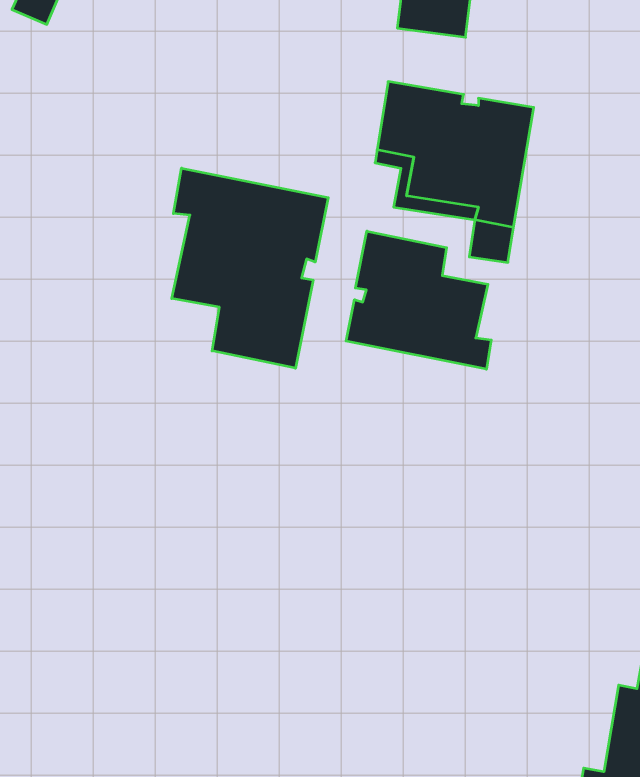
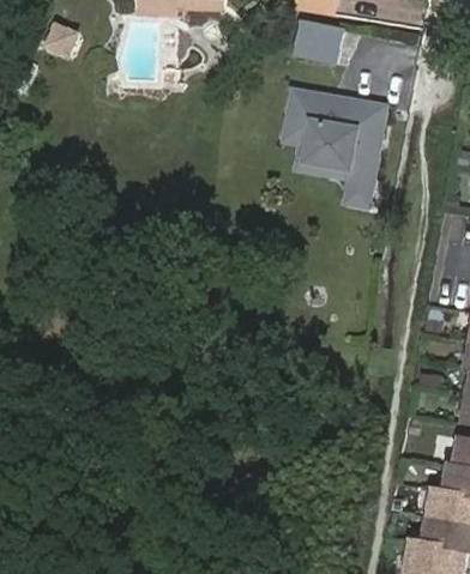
building: [172,168,328,368] -> none
building: [346,231,491,369] -> none

